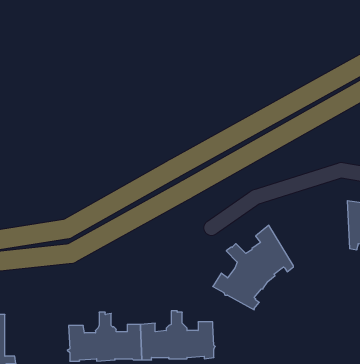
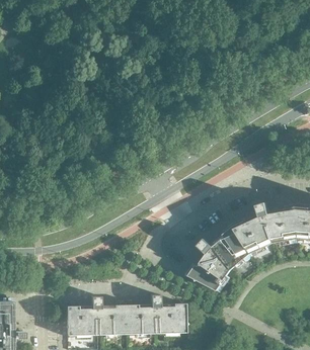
building: none -> [228,202,295,256]

